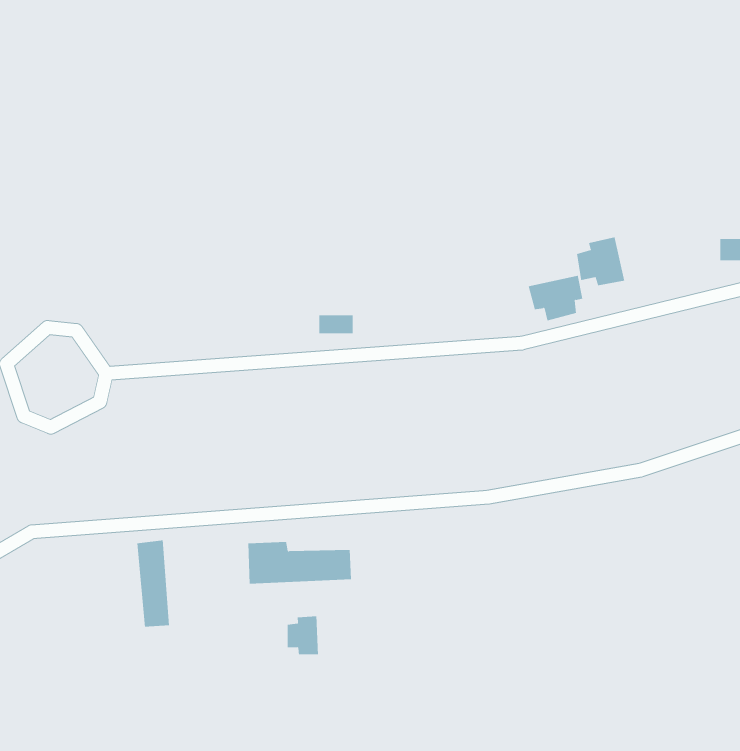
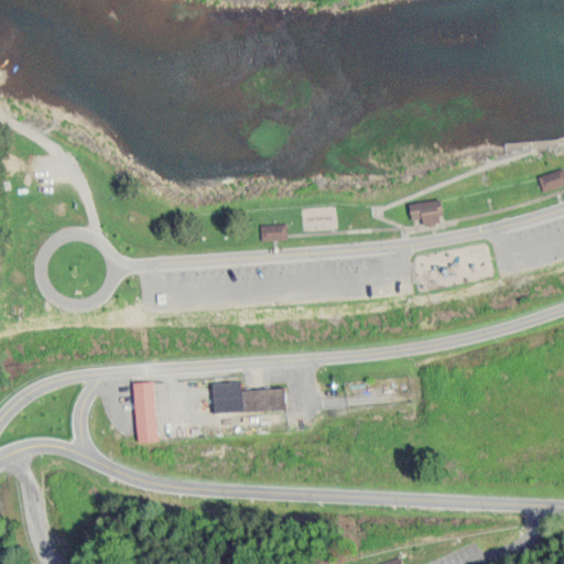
building: [577,236,625,286] -> none
building: [287,615,319,655] -> none

